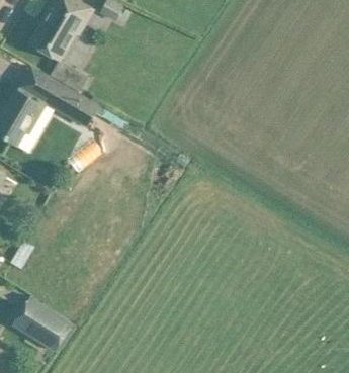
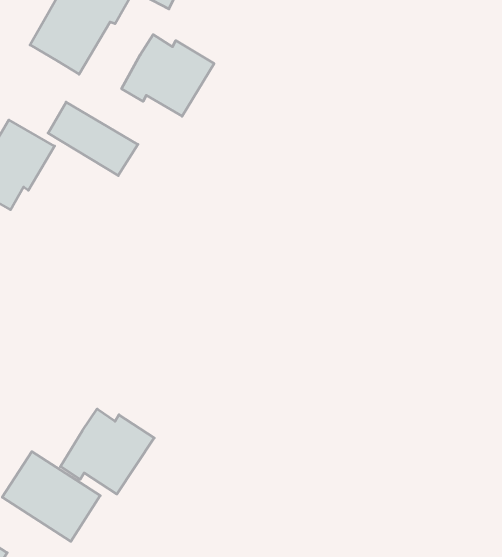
building: none -> [122,35,214,116]
building: none -> [60,409,154,494]

